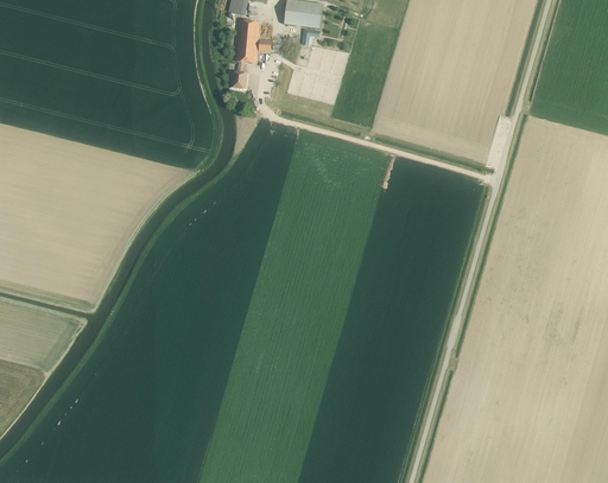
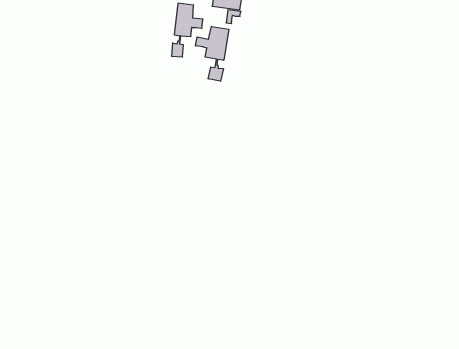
building: none -> [196,26,229,81]

